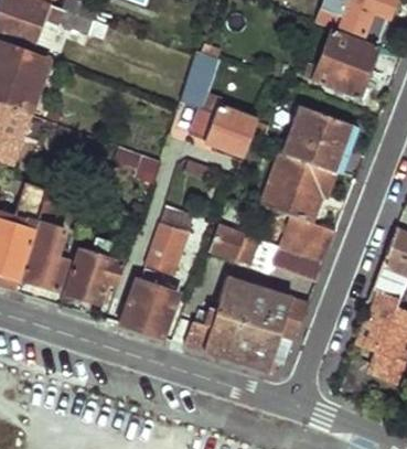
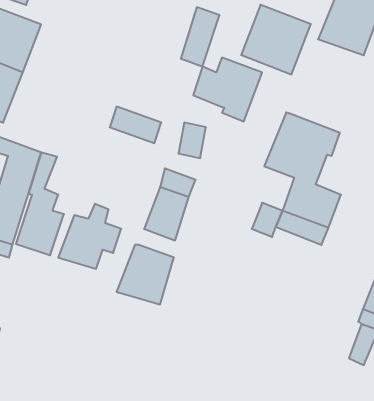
building: [286,105,353,172] -> [241,5,311,74]
building: [210,225,259,265] -> none
building: [182,274,309,372] -> none

